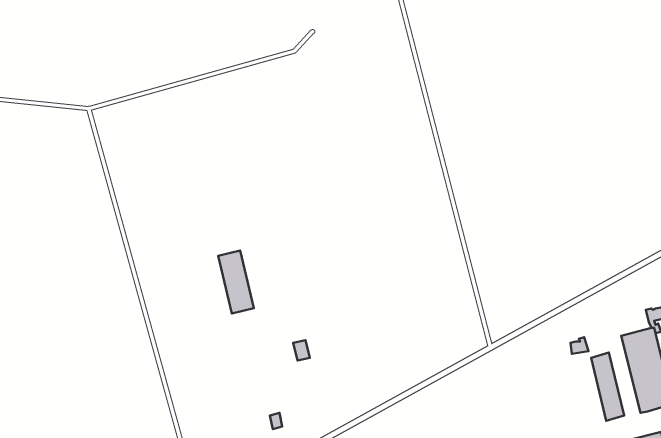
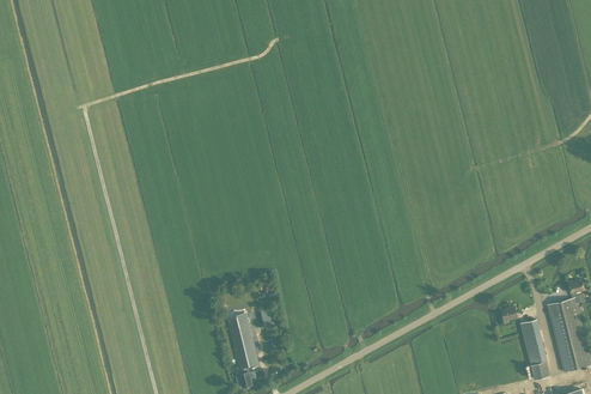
building: [218,250,254,314] -> [227,314,258,369]

